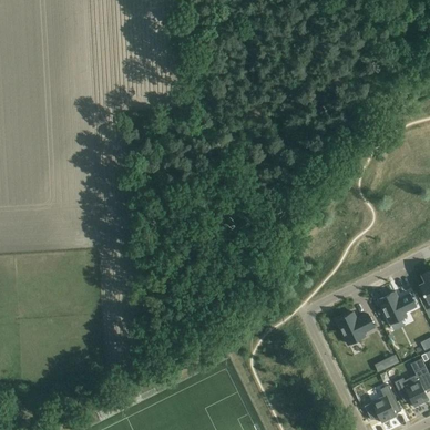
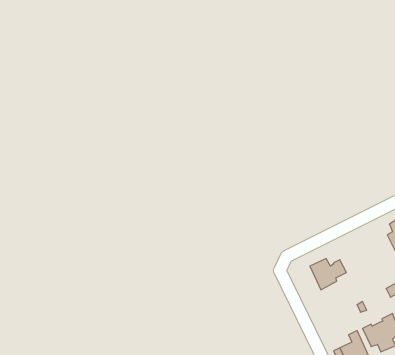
building: [378,291,416,324] -> none

